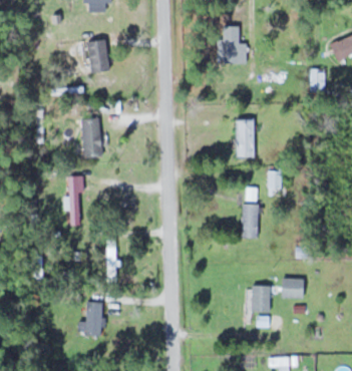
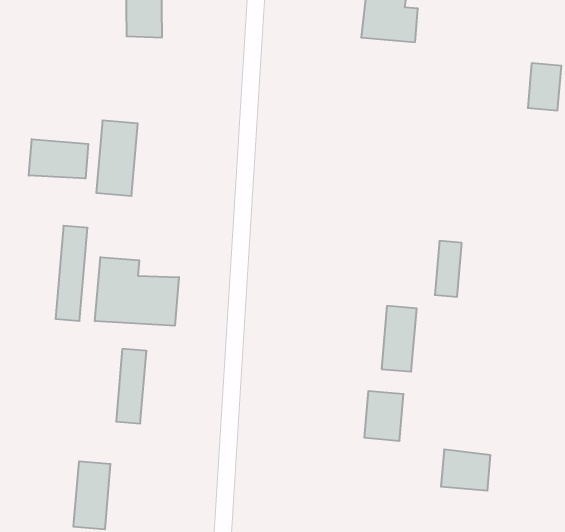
building: [235,119,256,157] -> none
building: none -> [29,139,88,179]
building: none -> [95,257,179,326]
building: [251,287,270,312] -> [364,391,404,441]

